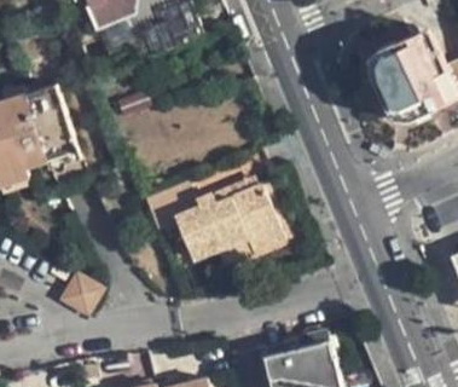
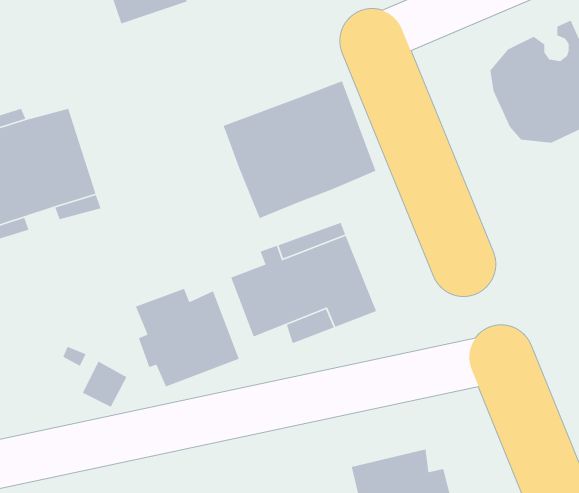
building: none -> [223,80,377,219]
building: none -> [135,288,240,387]

